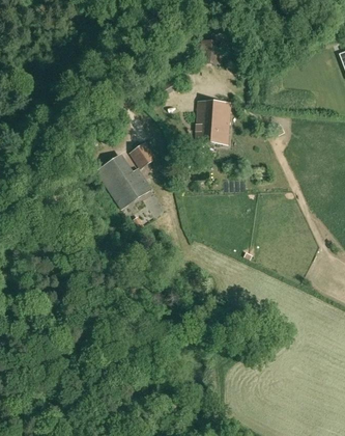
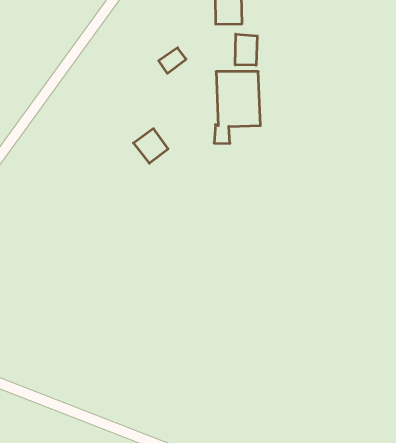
building: none -> [235,34,257,65]
building: [96,158,146,207] -> none

